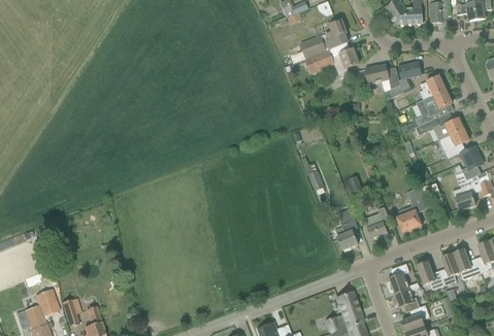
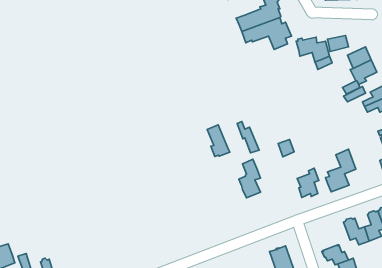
building: none -> [207,125,230,156]
building: [334,207,358,249] -> [239,159,261,198]
building: [387,263,415,296] -> none

